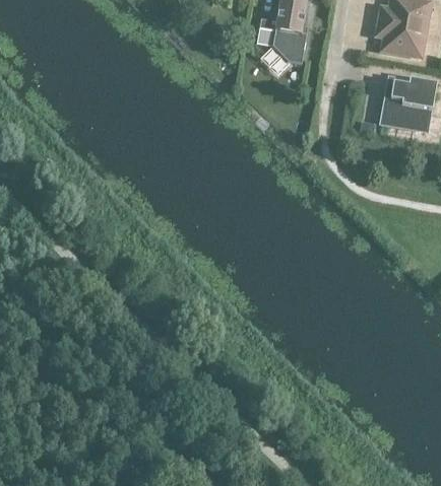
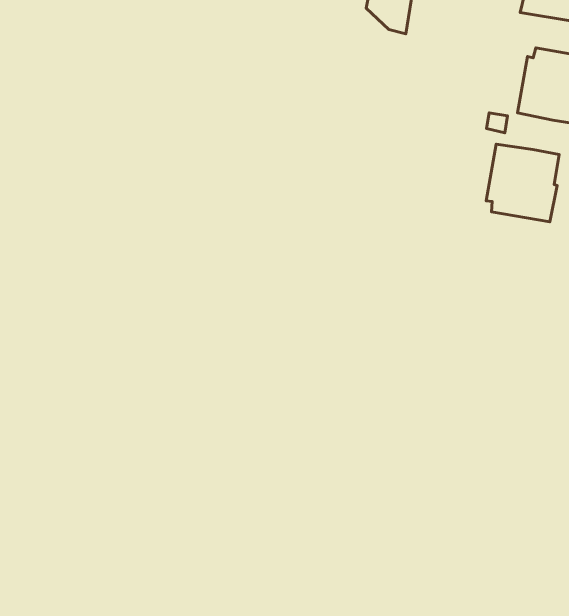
building: none -> [486,144,559,222]

